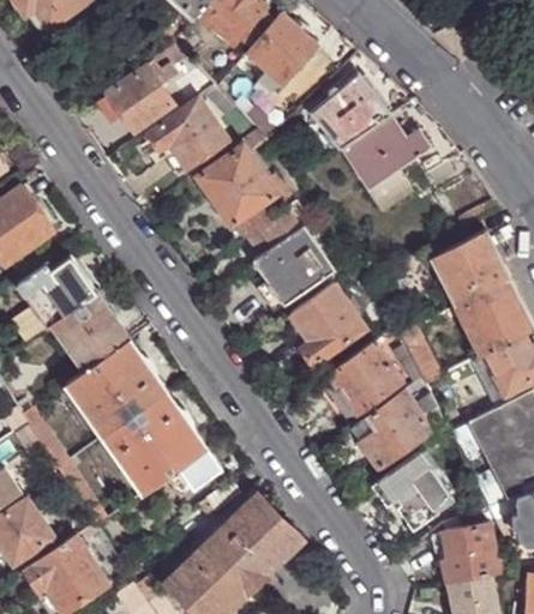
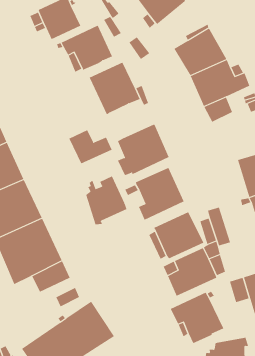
building: [236,205,302,257] -> [68,129,113,164]
building: none -> [85,176,127,225]

